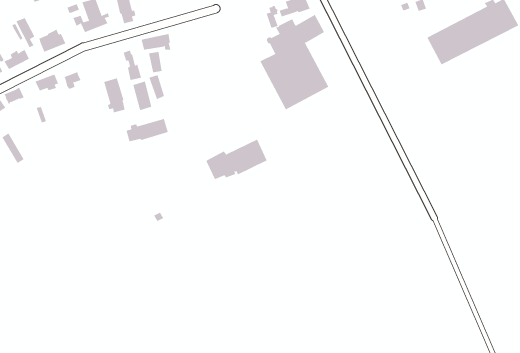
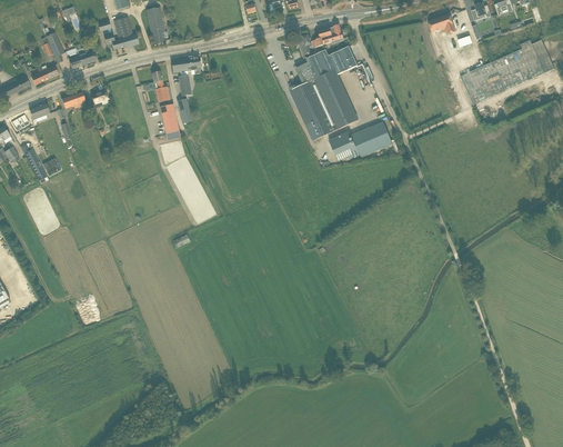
building: [103,78,125,113] -> none
building: [126,118,169,142] -> none
building: [206,139,267,180] -> [330,121,392,160]

